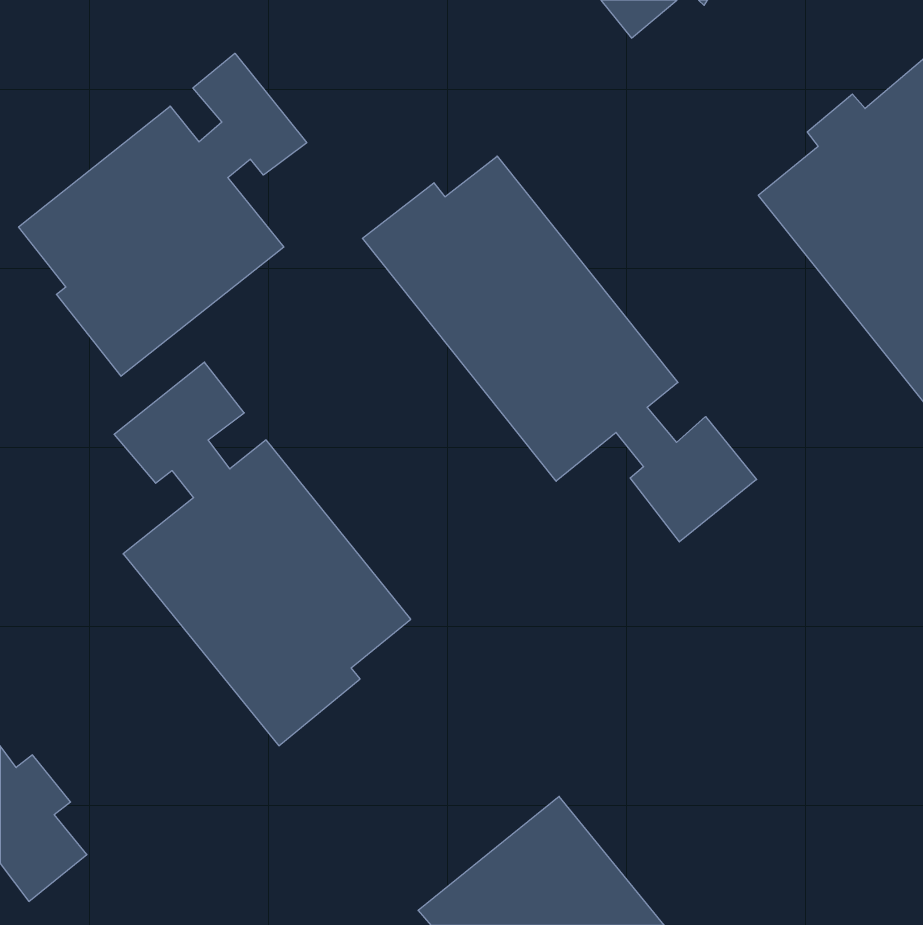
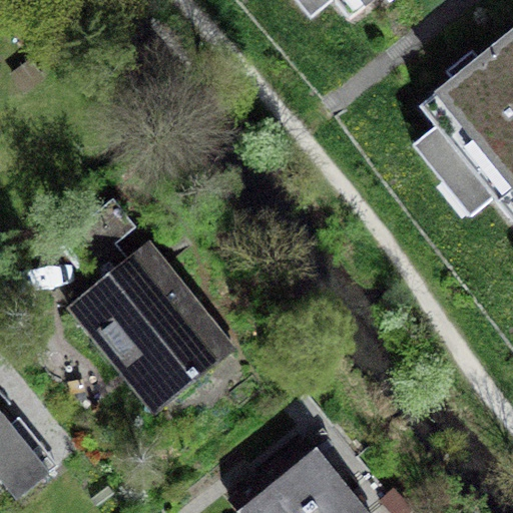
building: [19,53,307,376] -> none
building: [362,156,757,542] -> none

